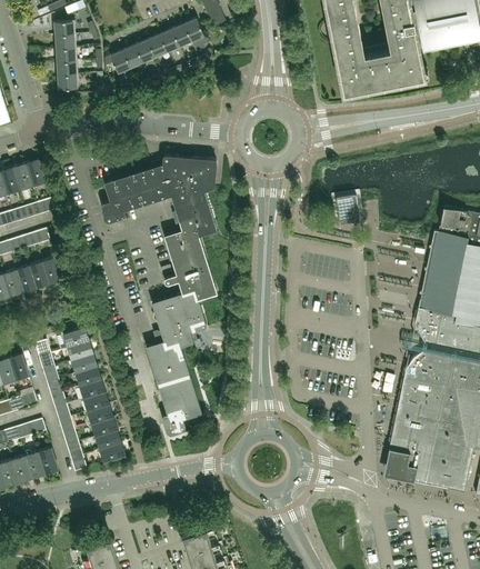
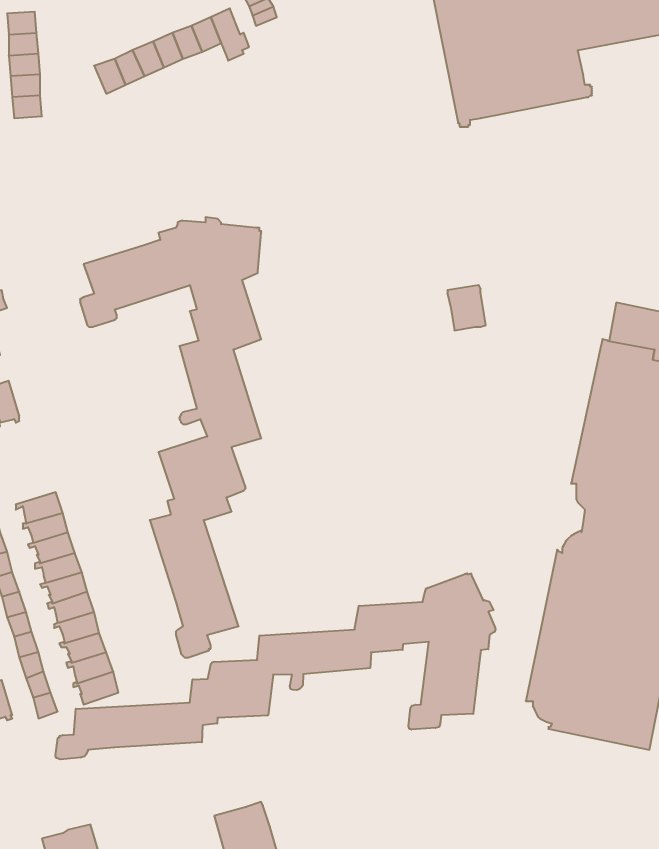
building: none -> [55,573,495,759]

